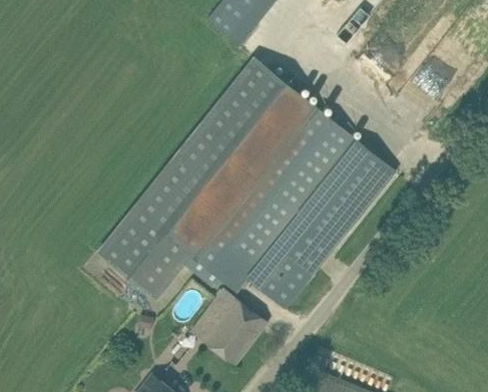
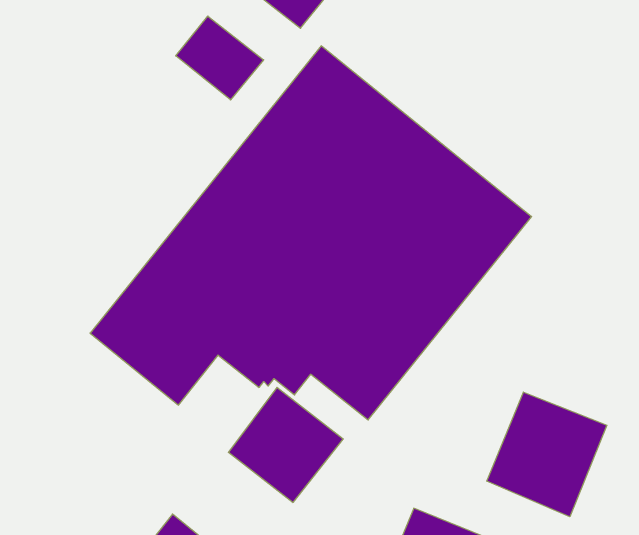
building: none -> [176,16,264,100]
building: none -> [487,392,607,517]

